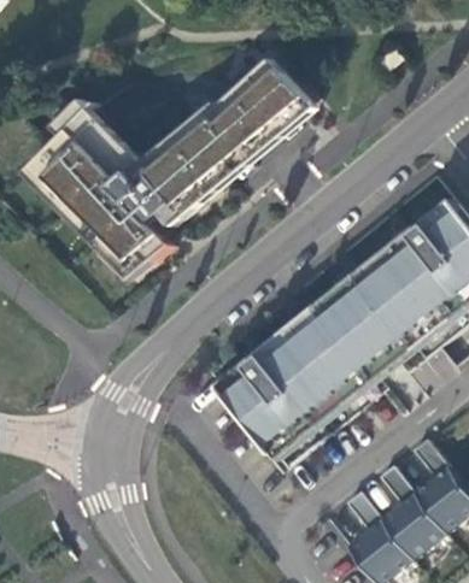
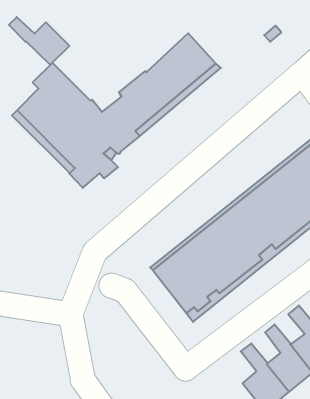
building: none -> [9,17,69,65]

